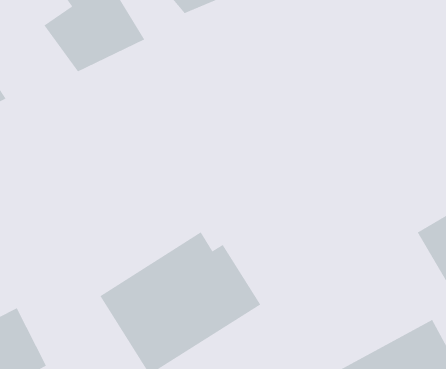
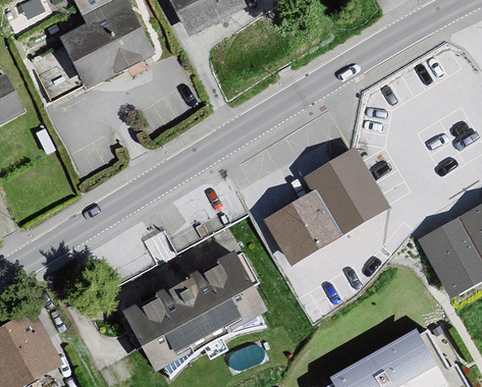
building: none -> [264,149,391,265]

